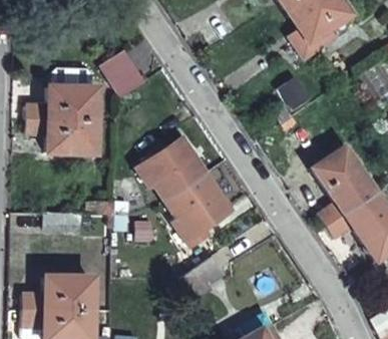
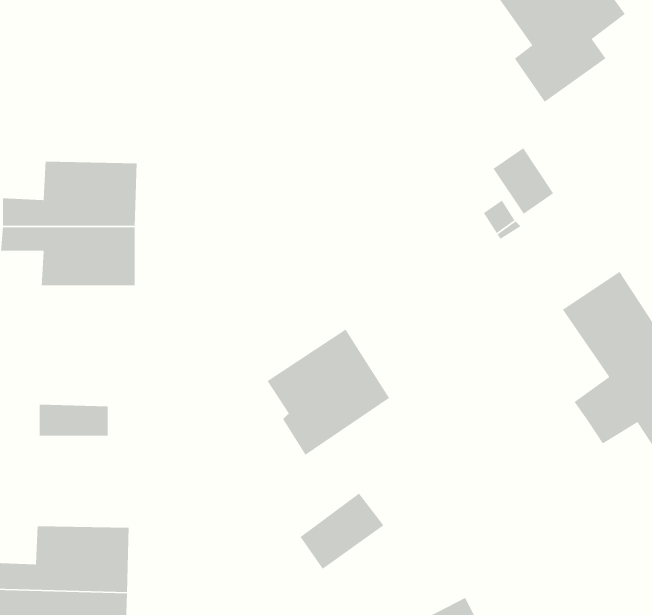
building: [102,49,143,94] -> none
building: [136,138,205,201] -> none

